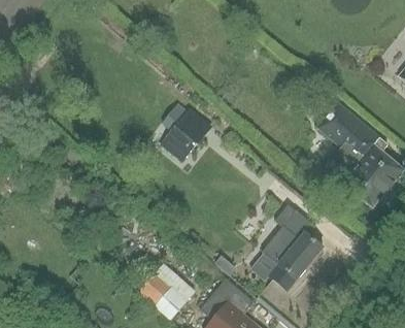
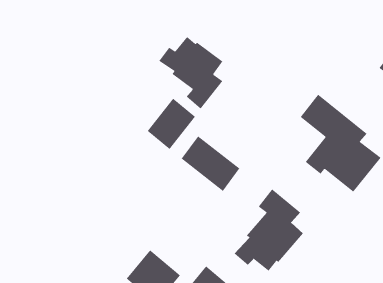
building: none -> [158,36,223,109]
building: none -> [181,135,240,192]

